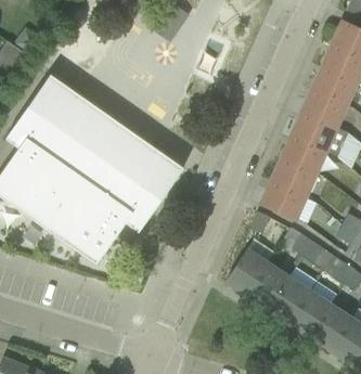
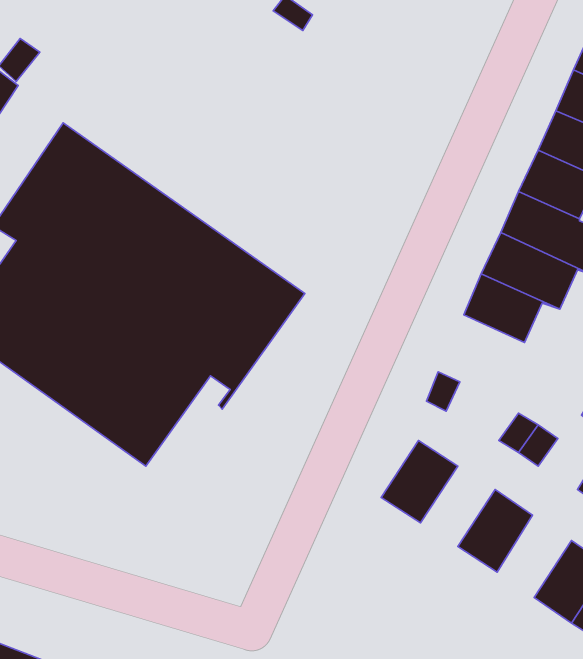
building: [260,179,317,222] -> none
building: [247,262,288,307] -> none
building: [289,289,331,335] -> none

